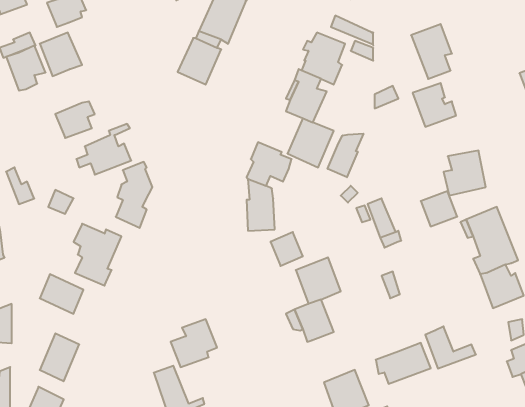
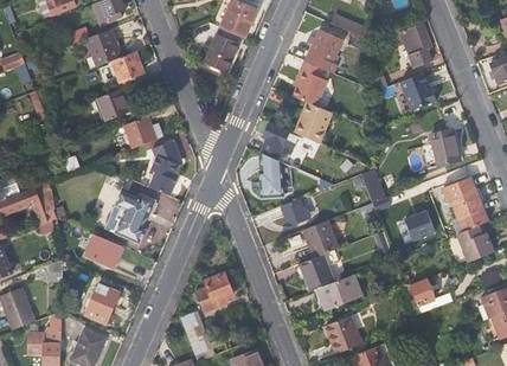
building: [6,46,46,91] -> [110,51,143,89]
building: [328,134,363,177] -> none
building: [421,191,457,226] -> [404,211,435,240]
building: [376,343,431,384] -> [314,275,360,309]

